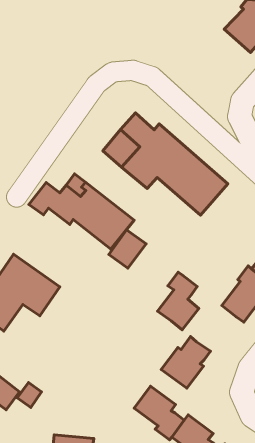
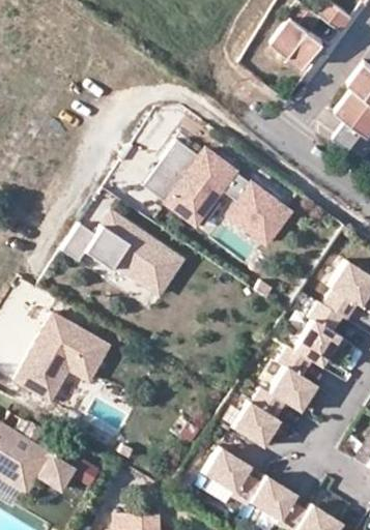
building: [109,230,146,268] -> none
building: [157,272,199,330] -> [271,348,317,413]

